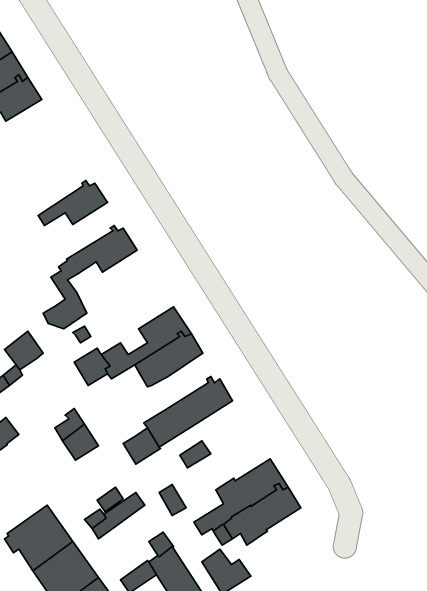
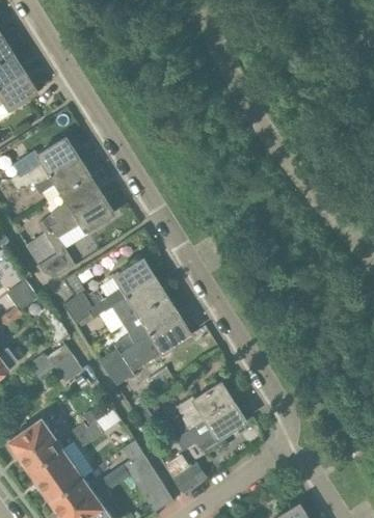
building: none -> [10,138,80,190]
building: none -> [26,175,103,265]
building: none -> [114,297,181,353]

